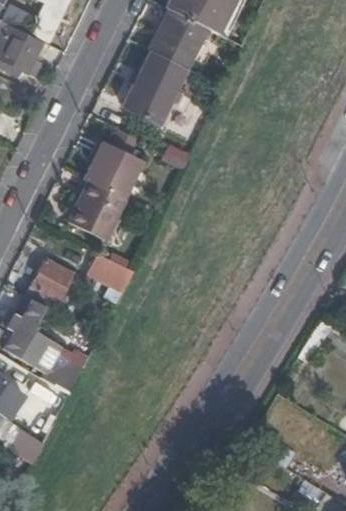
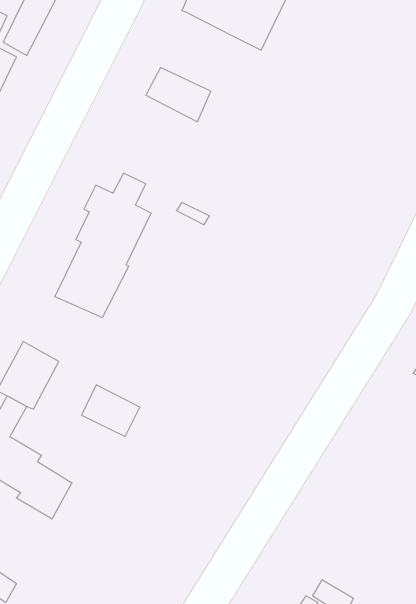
building: [148,9,208,69] -> none
building: [123,72,192,124] -> none
building: [88,253,132,292] -> [82,385,140,436]

